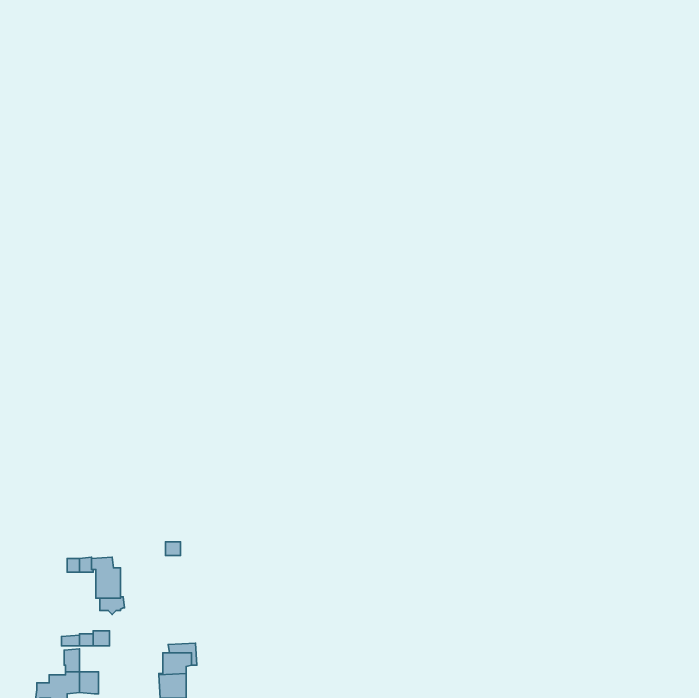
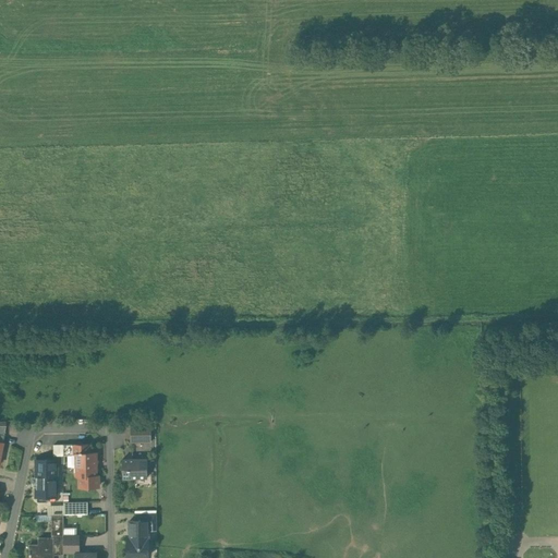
building: none -> [122,459,147,478]
building: none -> [36,460,57,498]

